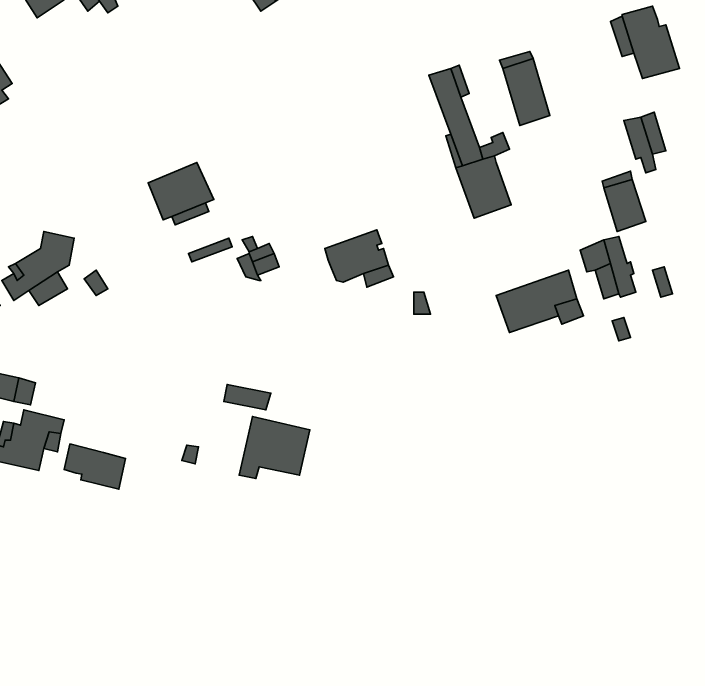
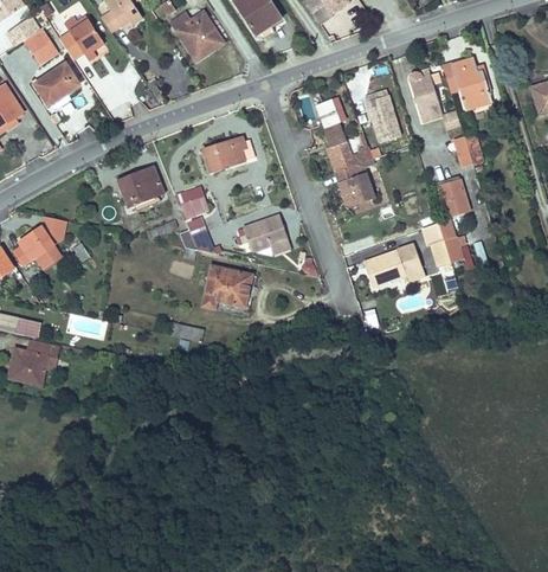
building: none -> [34,64,78,104]
building: none -> [408,71,460,128]
building: none -> [204,137,254,172]
building: none -> [175,186,208,219]
building: [239,416,310,479] -> [201,265,251,309]
building: [64,444,125,489] -> none

